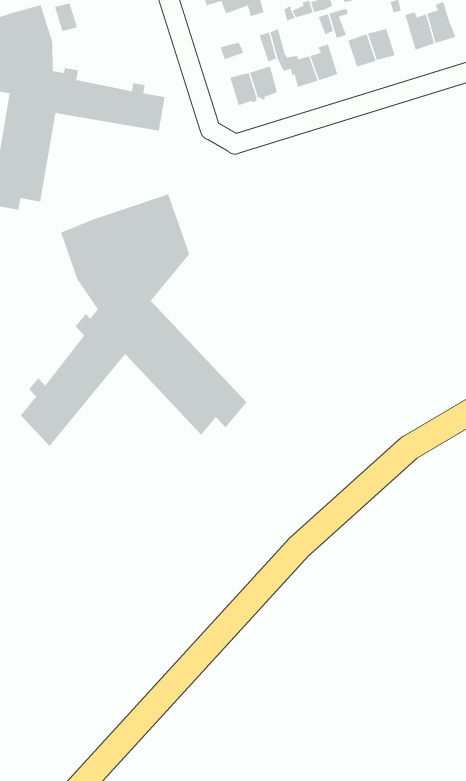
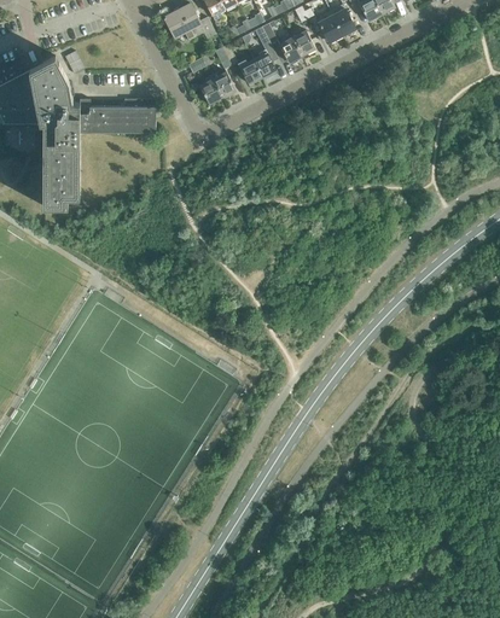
building: [20,194,247,447] -> none

